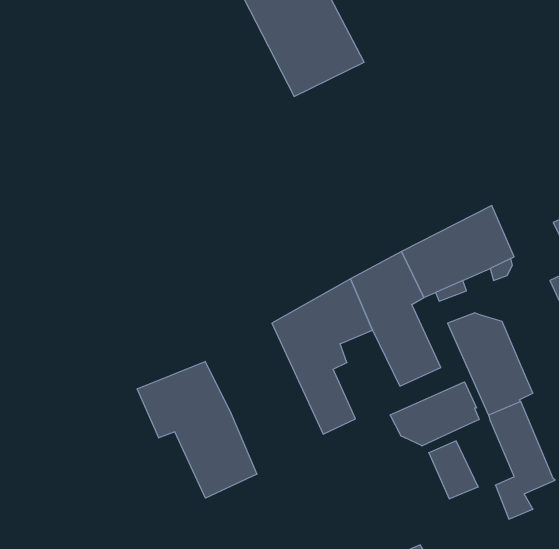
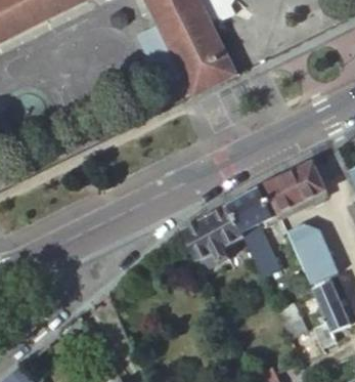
building: [137,361,257,498] -> none
building: [390,382,479,446] -> none

